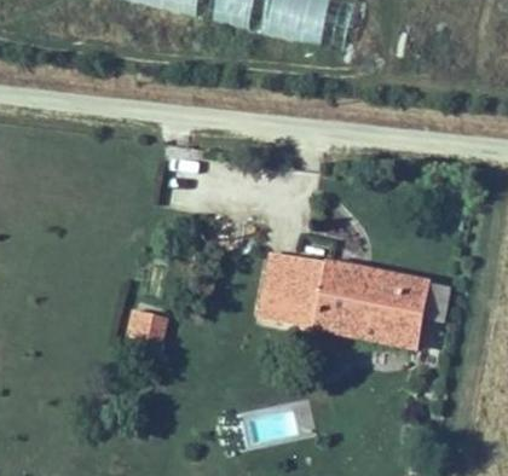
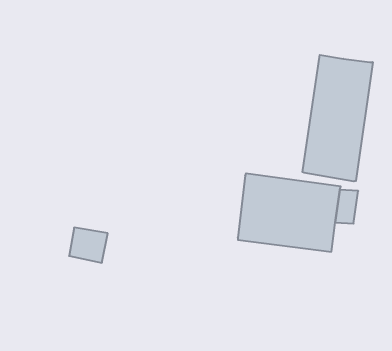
building: none -> [302,55,373,181]
building: [255,251,324,331] -> none

